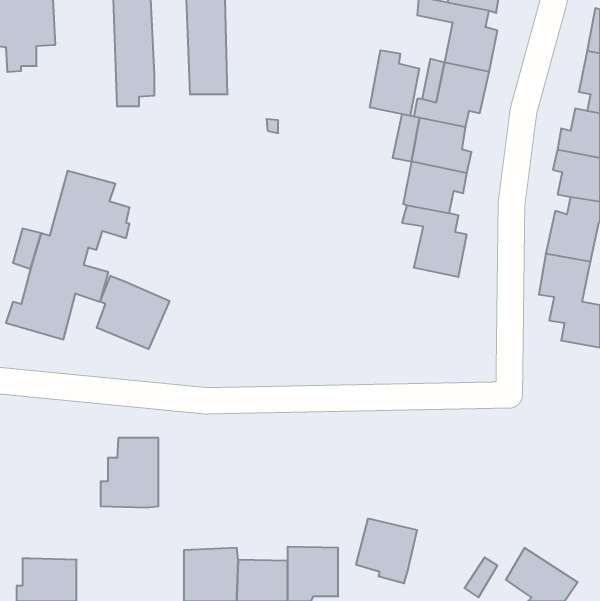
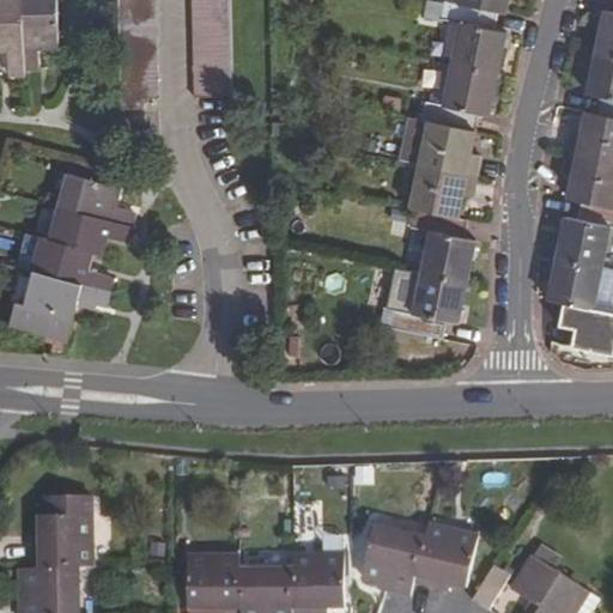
building: [370,50,419,116] -> none
building: none -> [378,272,466,338]
building: [97,276,170,349] -> none
building: [101,438,158,507] -> [31,498,90,569]
building: none -> [414,523,479,587]

